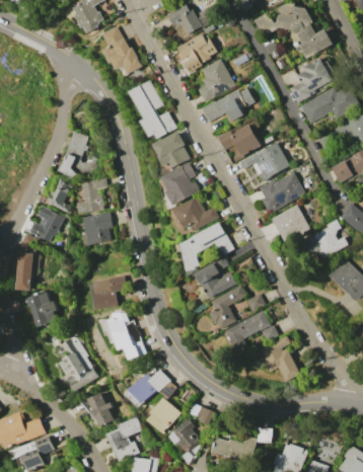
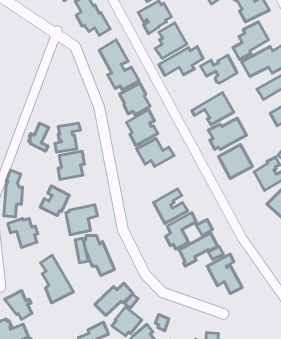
building: [216,124,260,157] -> [201,55,237,83]
building: [57,131,102,179] -> none
building: [28,206,63,241] -> [40,186,69,216]
building: [180,221,234,270] -> none
building: [80,392,113,426] -> [5,291,32,319]

